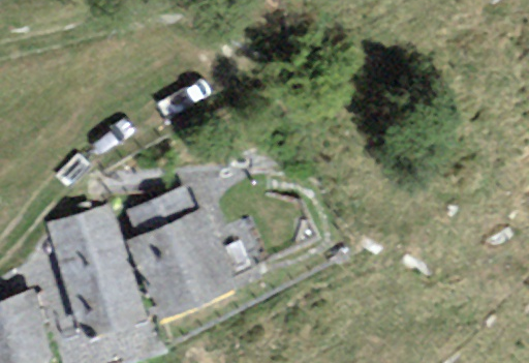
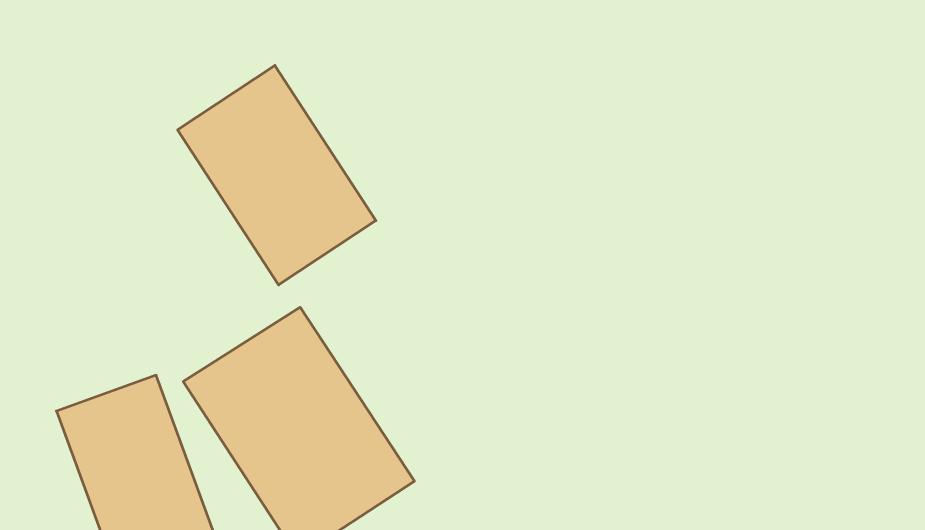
building: none -> [178,65,376,285]

